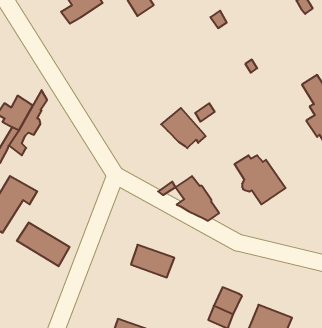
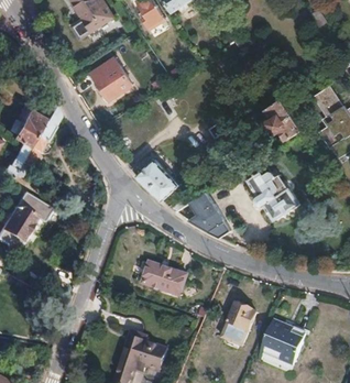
building: none -> [91,58,132,100]
building: none -> [265,101,300,141]
building: [161,108,206,148] -> [135,160,181,200]
building: [17,222,69,266] -> none

